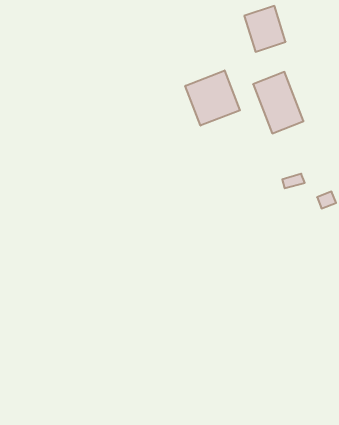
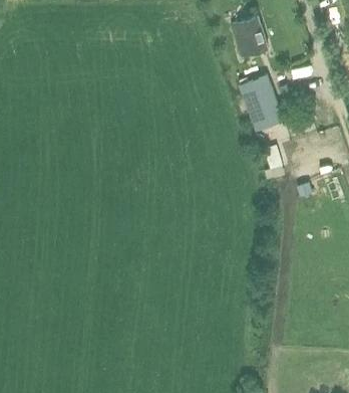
building: [185,70,240,126] -> none

